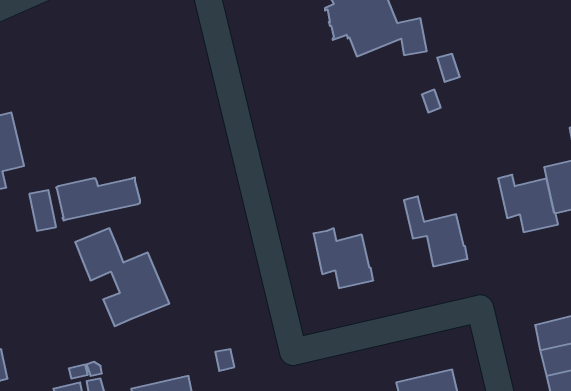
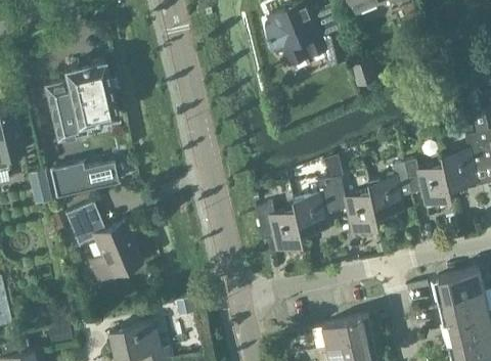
building: none -> [44,61,117,142]
building: none -> [367,164,411,218]
building: none -> [293,181,336,235]

